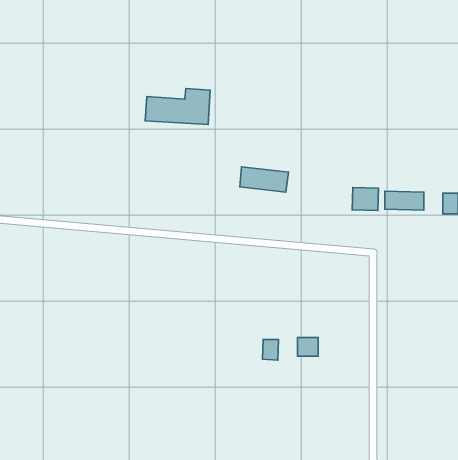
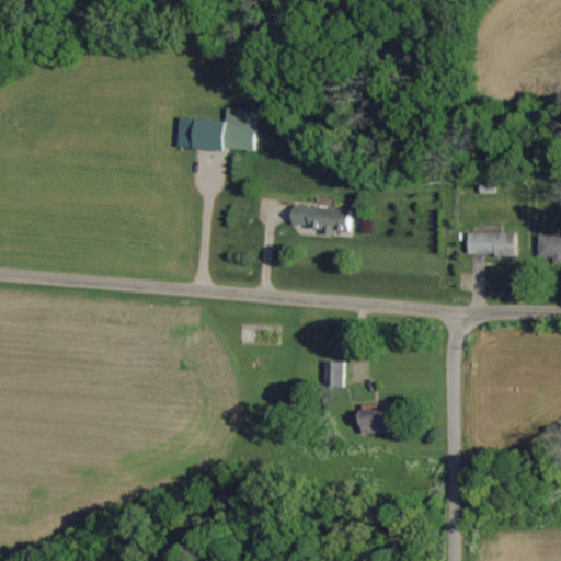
building: [352,187,378,211] -> none
building: [262,339,279,360] -> [323,362,343,387]

